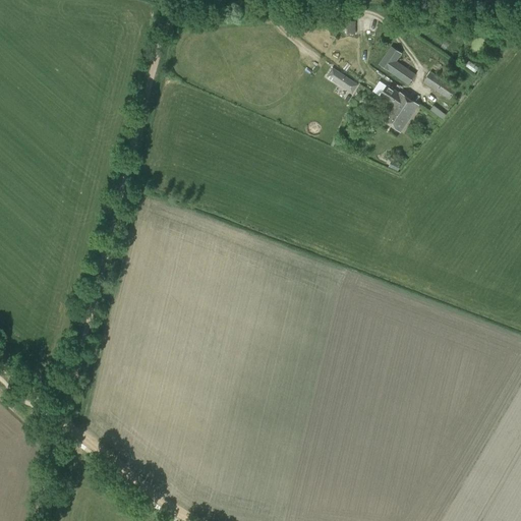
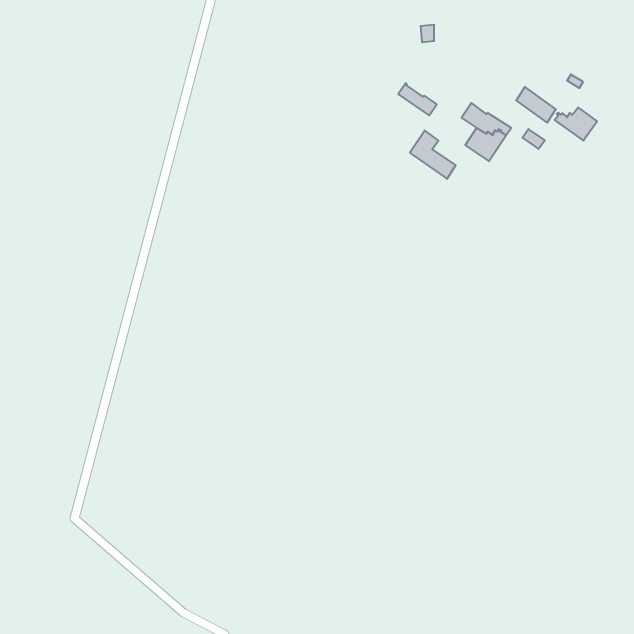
building: [379,46,416,85] -> [410,130,456,179]
building: none -> [555,107,597,141]

